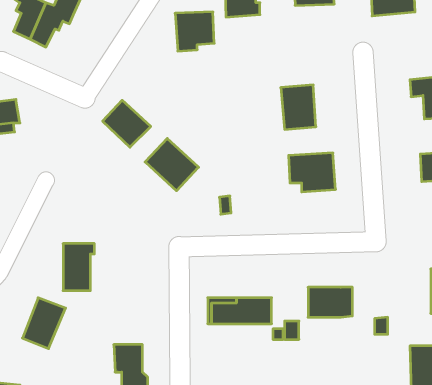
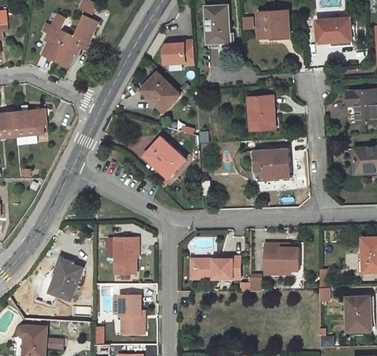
building: [103,100,151,147] -> [141,74,178,110]
building: [63,244,94,291] -> [113,238,137,274]

